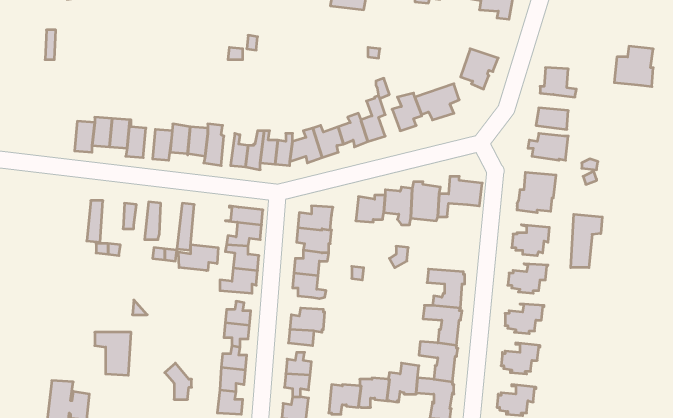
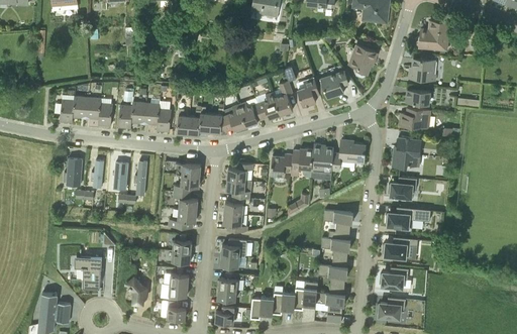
building: [614,46,653,87] -> [419,20,448,50]
building: [571,214,602,268] -> none
building: [179,245,218,271] -> none

